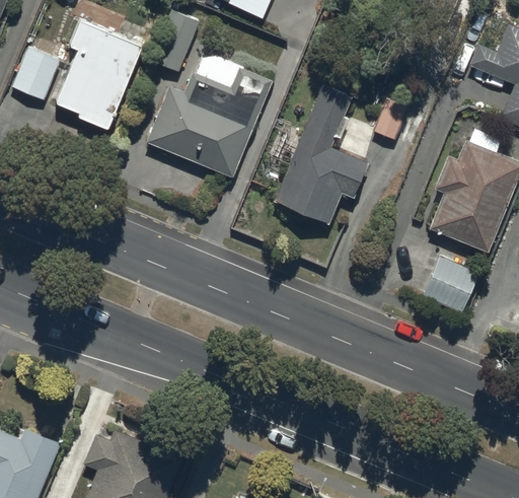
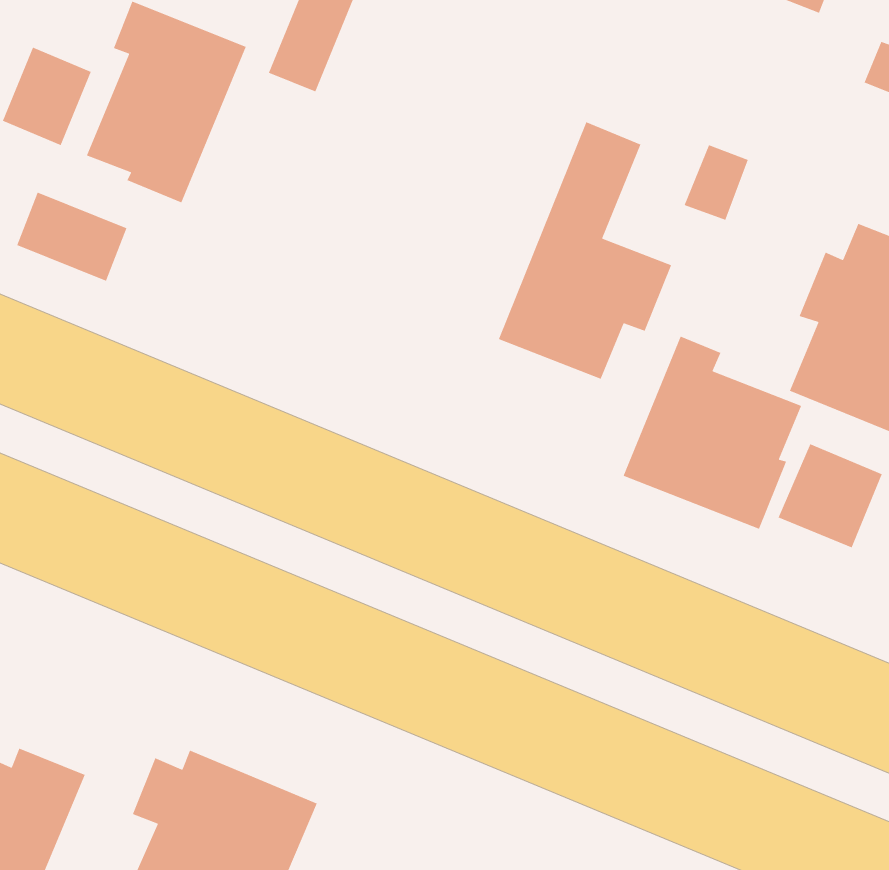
building: [146,67,272,177] -> none
building: none -> [16,192,127,282]
building: none -> [622,336,802,530]

